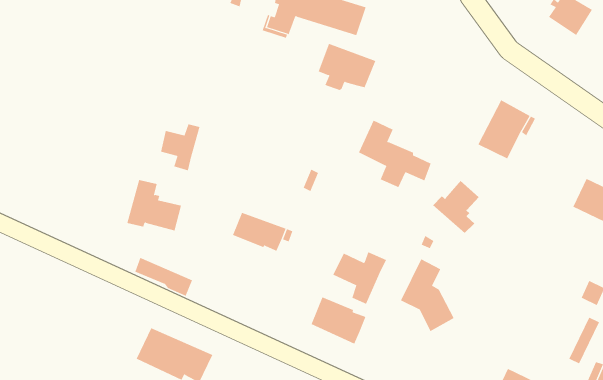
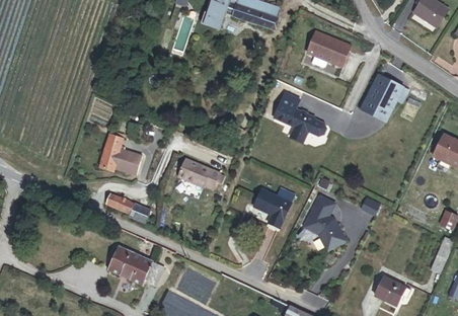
building: [318,43,376,91] -> [306,31,350,67]
building: [160,123,200,171] -> none
building: [432,180,480,234] -> none
building: [311,297,366,344] -> none

